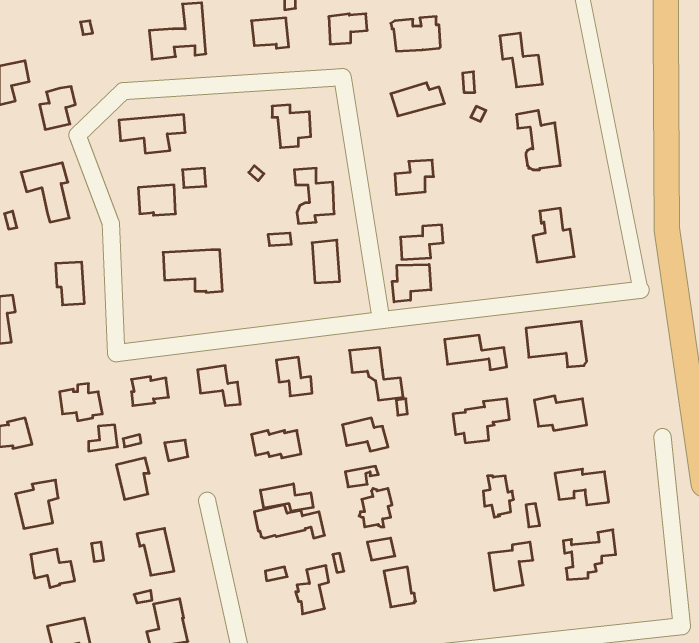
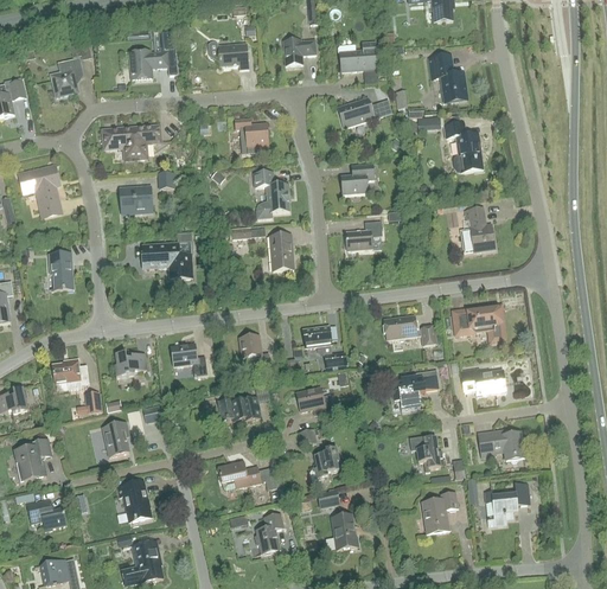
building: [40,87,75,129] -> [51,57,82,94]
building: [392,264,431,302] -> none
building: [260,484,313,511] -> none

